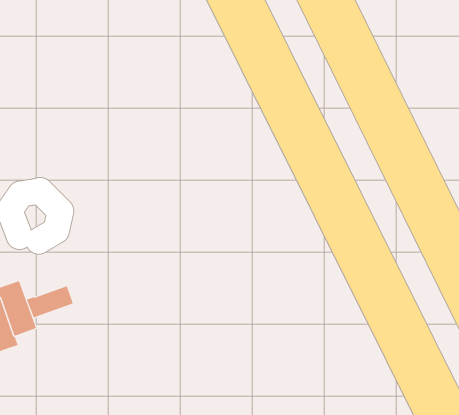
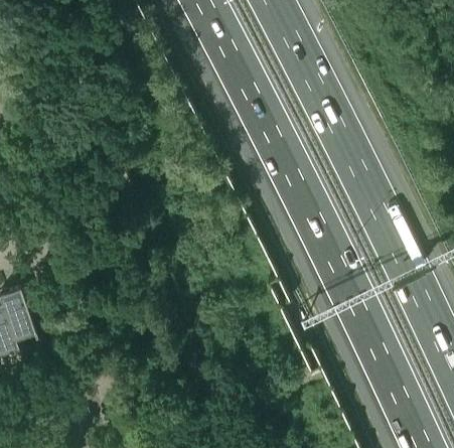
building: [26,286,73,318] -> none

